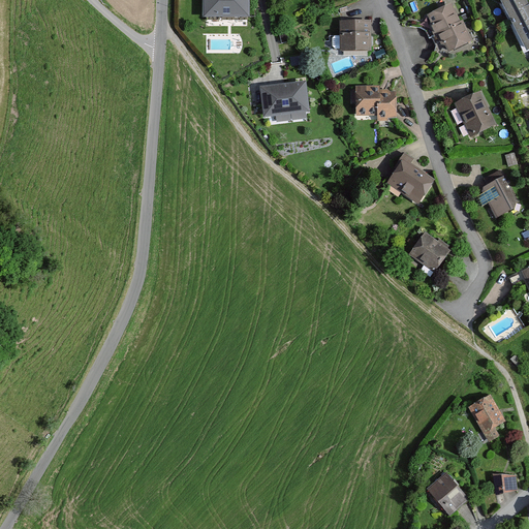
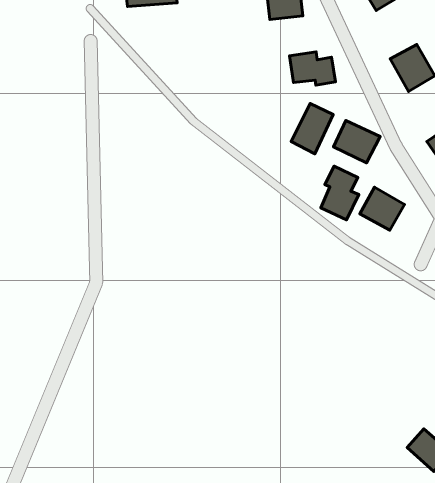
building: [258,88,309,121] -> none
building: none -> [291,103,333,154]
building: none -> [321,166,359,220]

